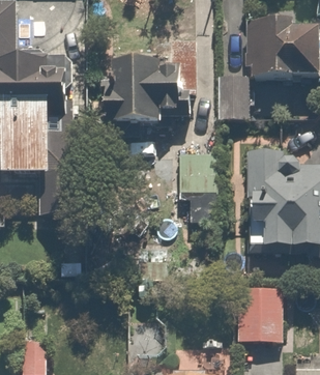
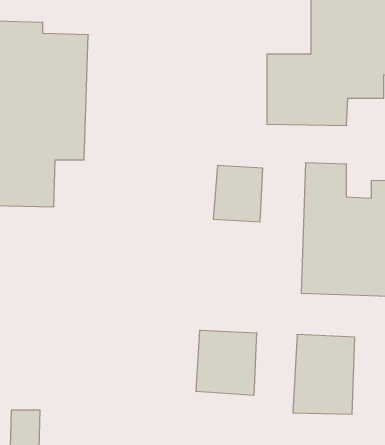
building: [103,40,199,133] -> none
building: none -> [196,330,256,395]

